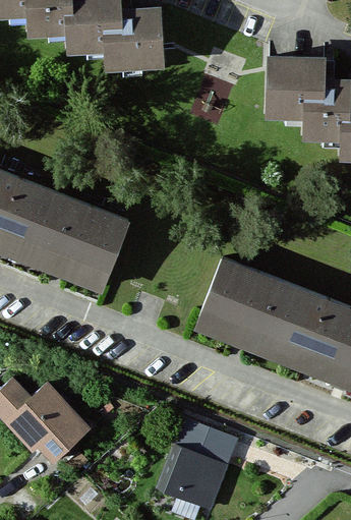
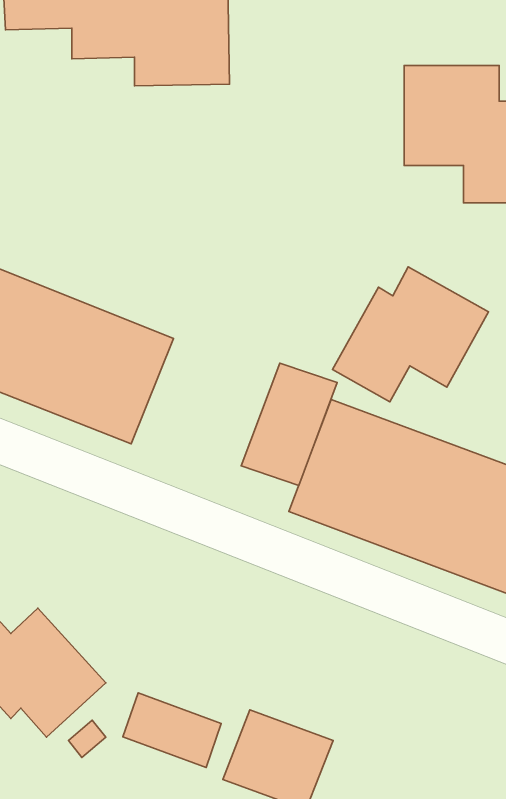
building: none -> [332,267,488,402]
building: none -> [241,363,337,485]
building: [175,419,234,464] -> [123,693,221,768]

